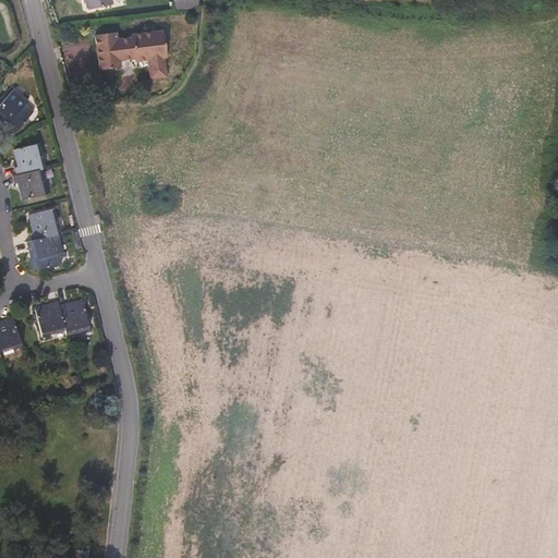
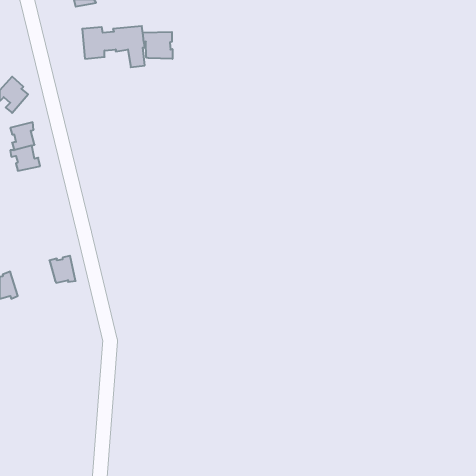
building: none -> [143,32,172,59]
building: [27,208,63,270] -> none
building: [34,301,64,338] -> none

